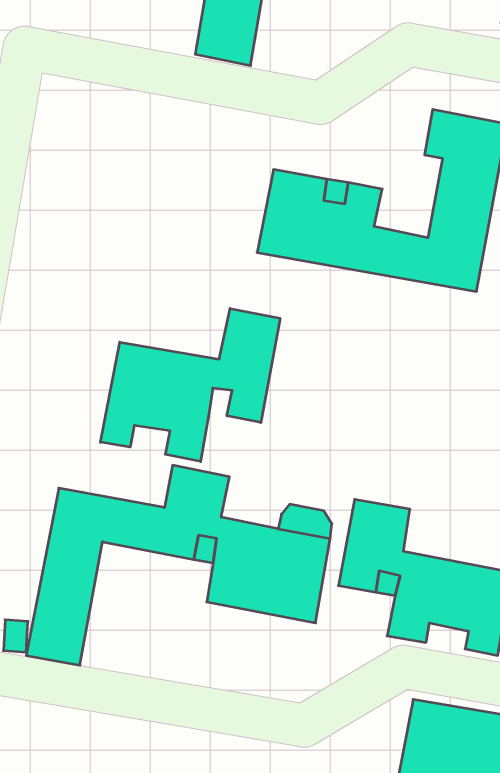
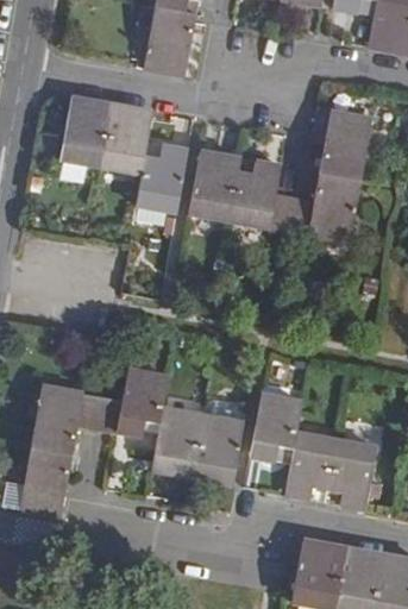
building: none -> [62,98,188,211]
building: [100,308,280,462] -> none

